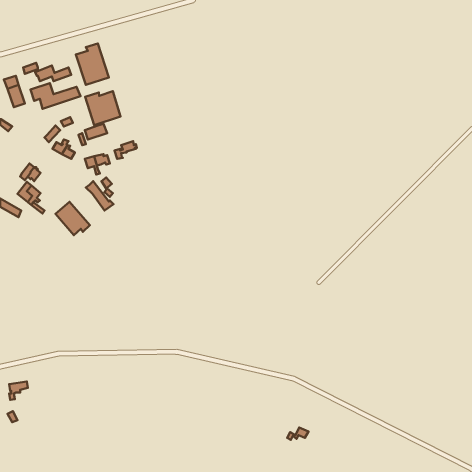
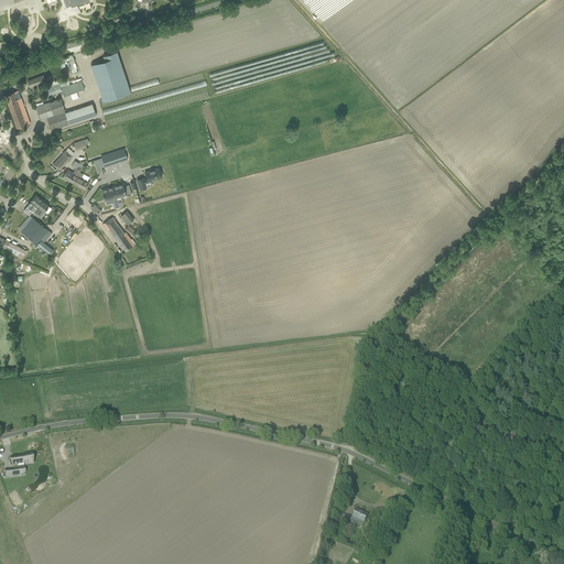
building: [85,91,121,125] -> none
building: [56,202,90,235] -> none

